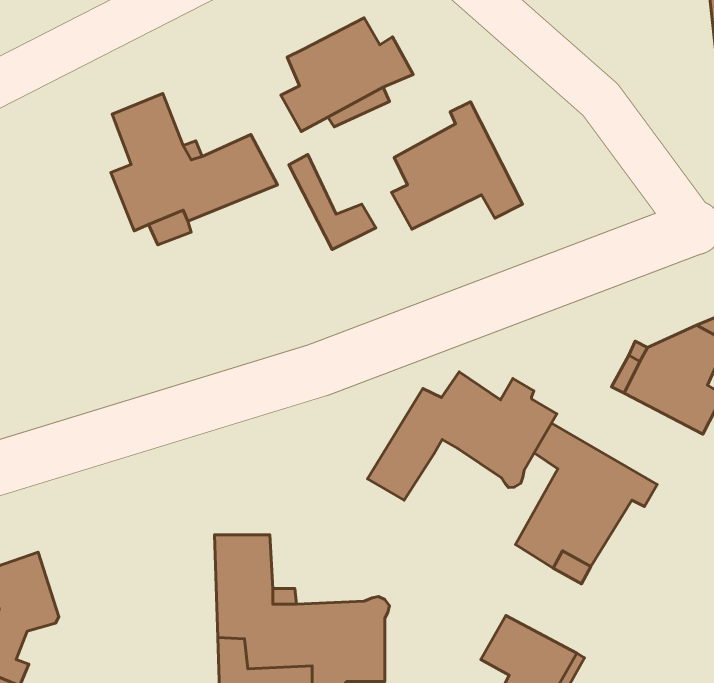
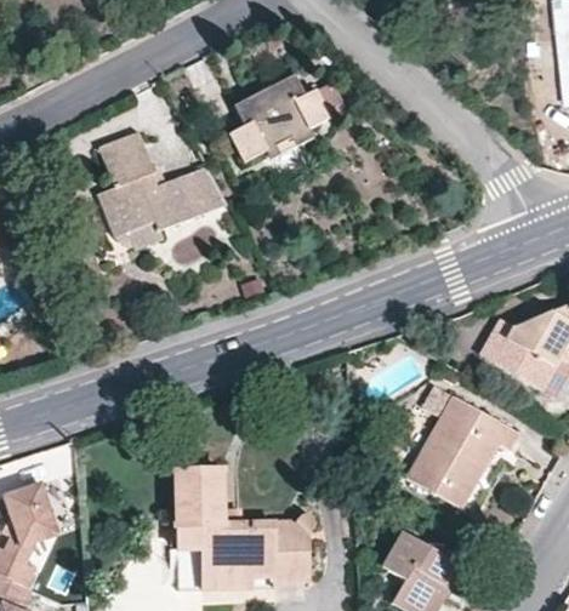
building: [392,102,523,229] -> none
building: [289,155,376,249] -> none
building: [367,372,557,500] -> none

